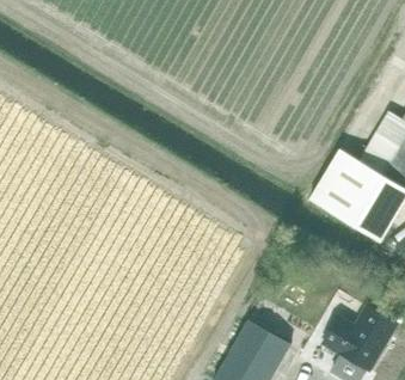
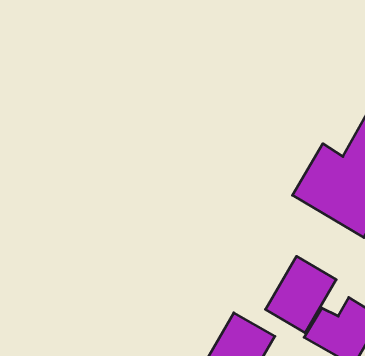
building: none -> [265,256,336,333]

